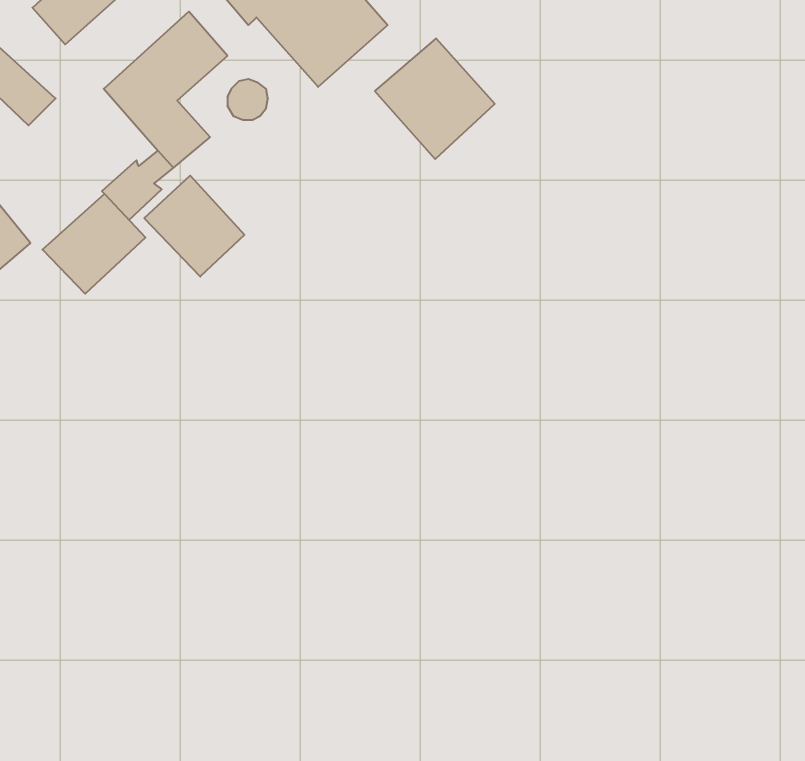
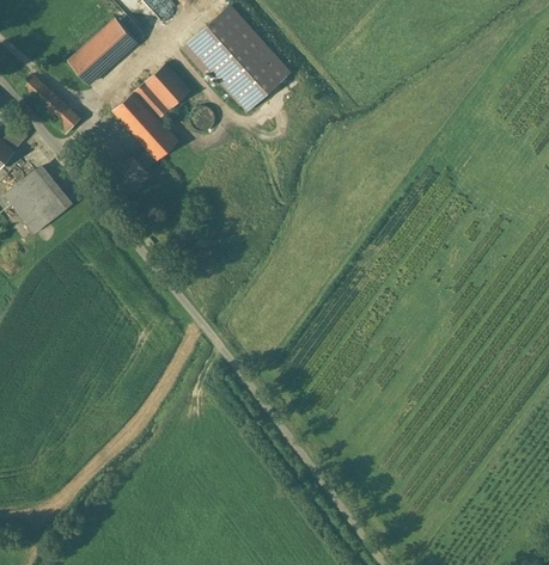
building: [375,38,495,159] -> none
building: [144,176,244,277] -> none
building: [42,194,145,294] -> none

